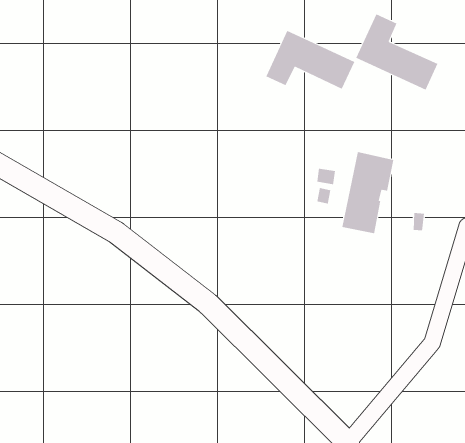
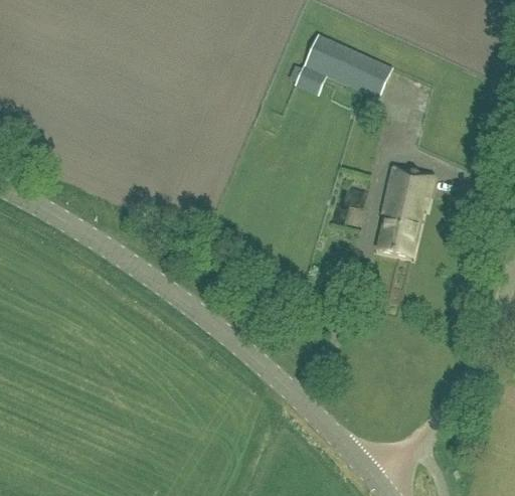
building: [356,13,438,90] -> none

